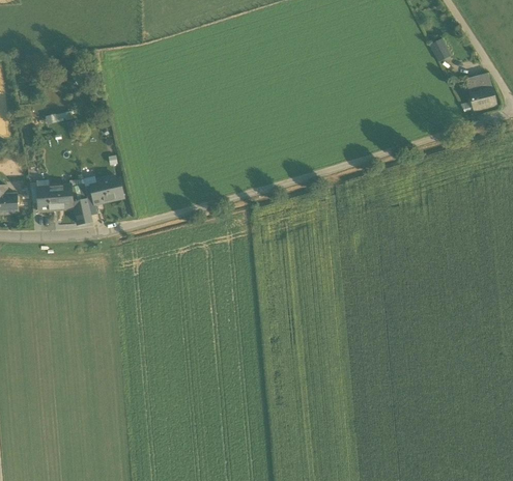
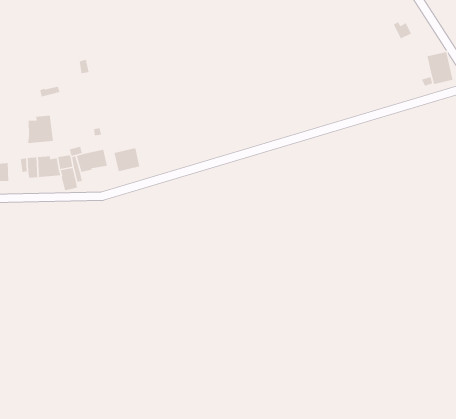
building: none -> [27,115,54,144]
building: none -> [114,148,140,172]

